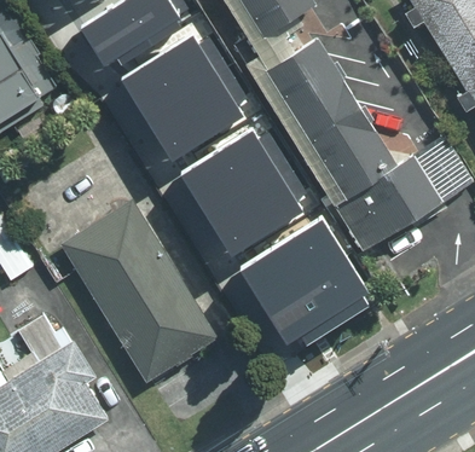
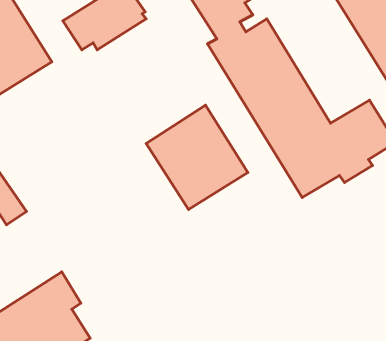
building: [117,39,239,164] -> none
building: [60,197,218,376] -> none
building: [236,224,365,348] -> none

